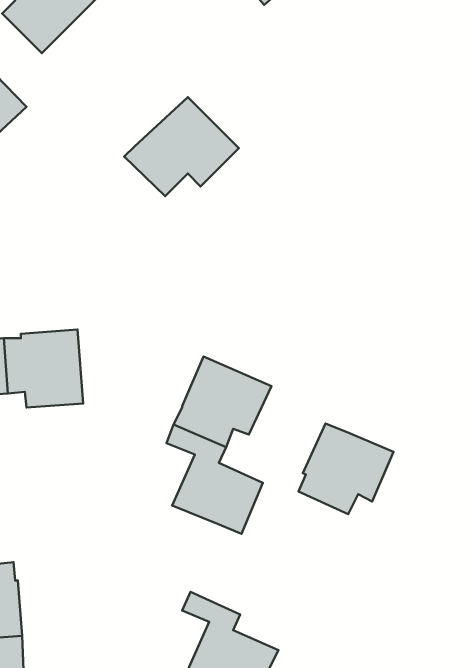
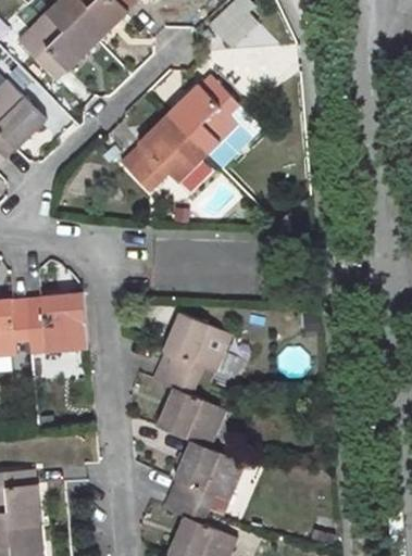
building: none -> [170,75,239,153]
building: [299,423,393,514] -> [172,441,245,510]

